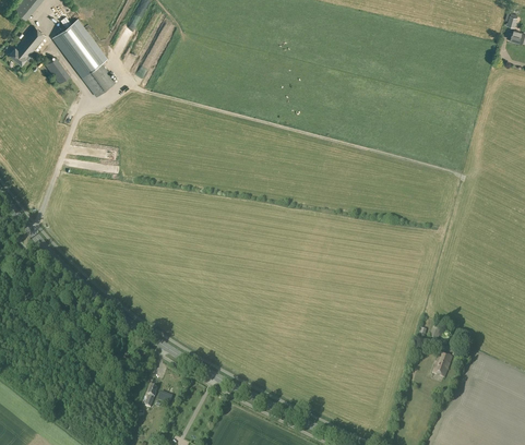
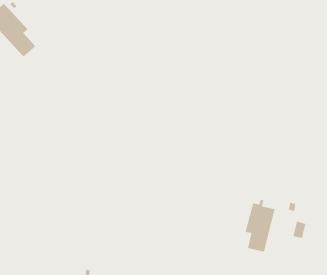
building: none -> [245,199,275,252]

